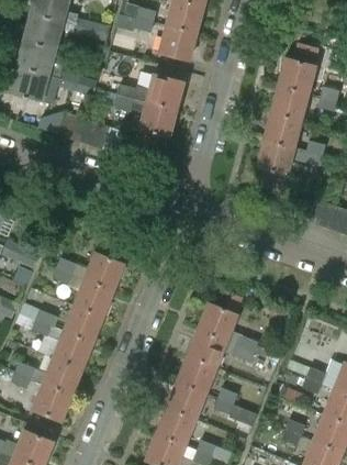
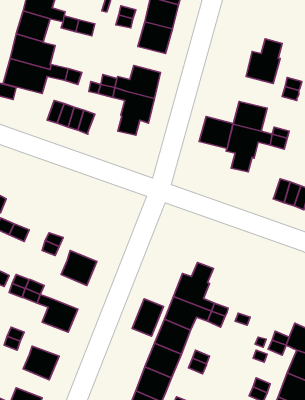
building: [270,87,307,122] -> [199,117,233,148]
building: [83,239,124,291] -> none
building: [63,306,102,344] -> none
building: none -> [132,299,163,336]
building: [42,358,81,396] -> none

